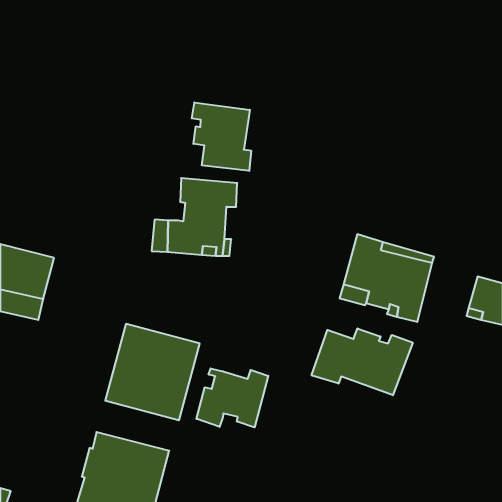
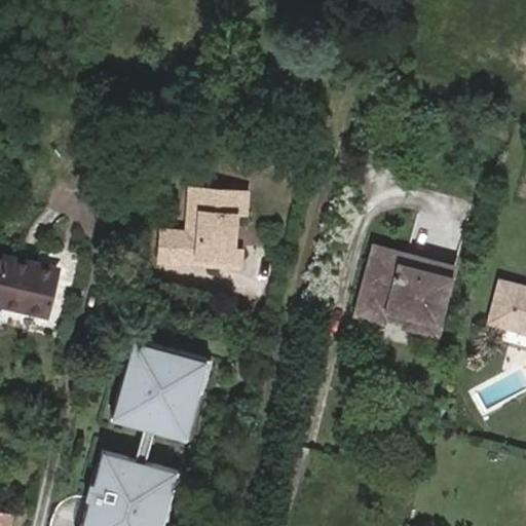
building: [192,102,251,171] -> none
building: [312,328,413,395] -> none
building: [196,368,268,427] -> none

